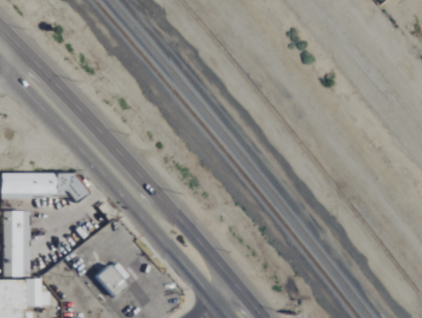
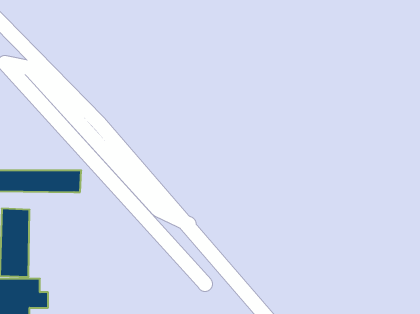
building: [94,264,126,298] -> none

